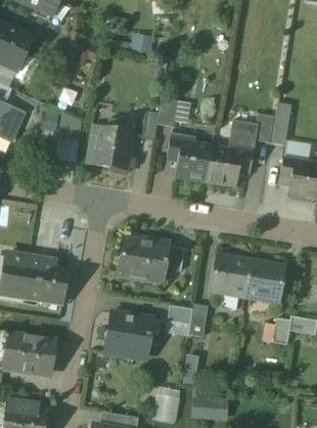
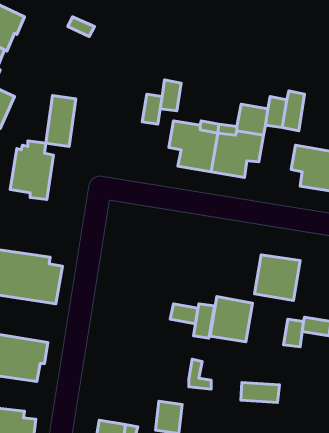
building: [93,120,133,174] -> [10,141,53,200]
building: [119,238,171,282] -> none
building: [213,253,252,295] -> [210,296,253,342]
building: [105,311,155,359] -> none
building: [193,398,229,417] -> [241,383,280,402]

